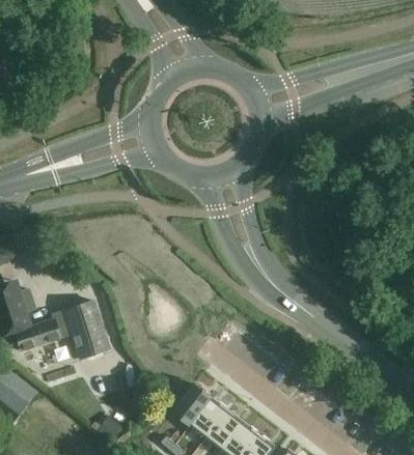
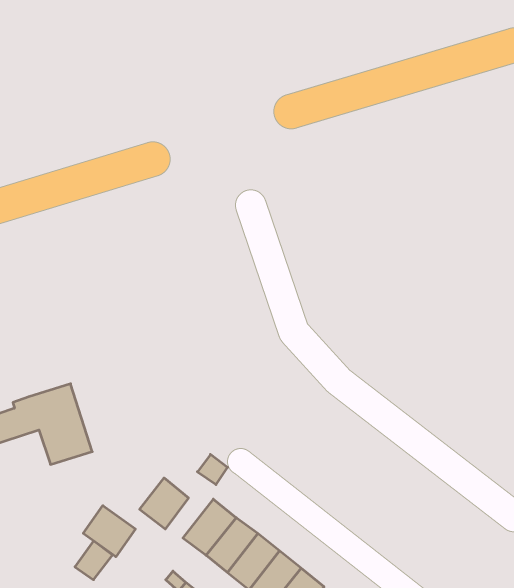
building: none -> [140,478,188,529]
building: none -> [83,506,135,557]

